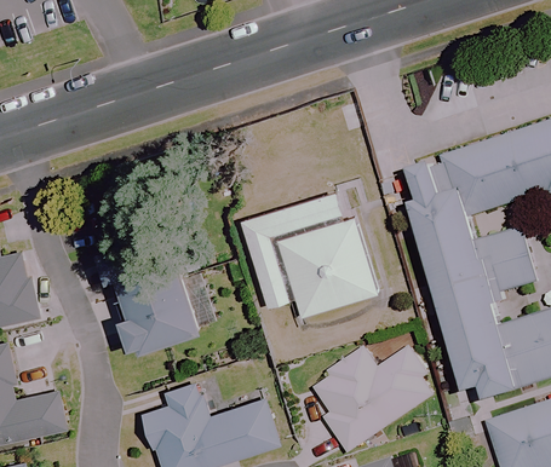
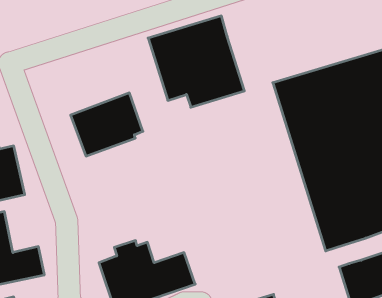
building: [240,189,377,318] -> [148,16,244,107]
building: [111,267,214,357] -> [71,93,143,156]
building: [311,348,438,454] -> none

